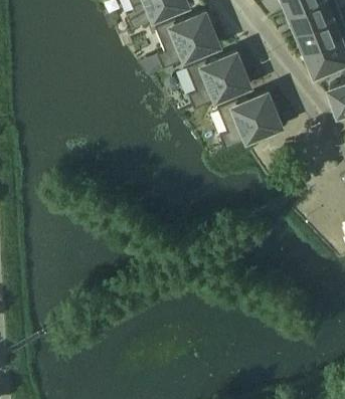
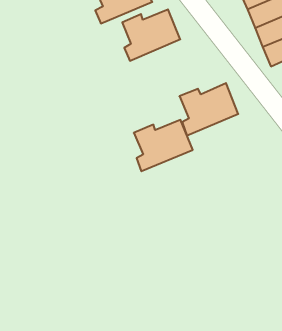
building: [186,54,249,110] -> [134,120,193,171]

